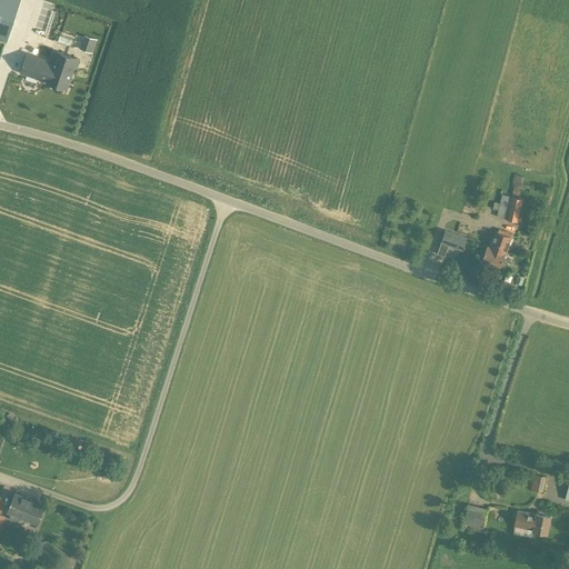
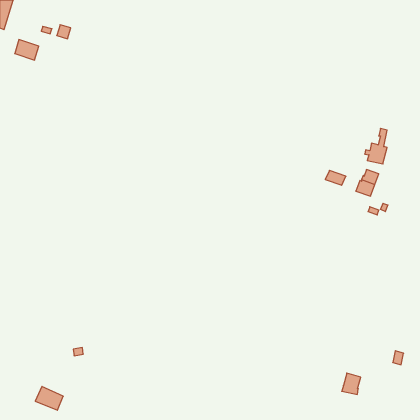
building: [46,52,78,89] -> none
building: [6,492,43,525] -> [35,386,63,410]
building: [513,511,549,533] -> none

